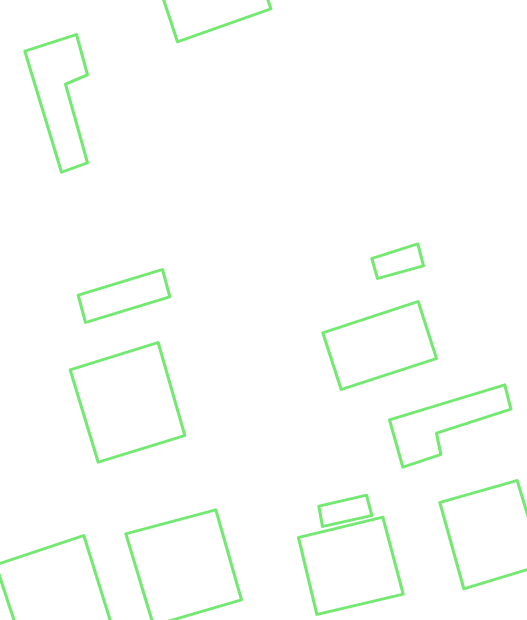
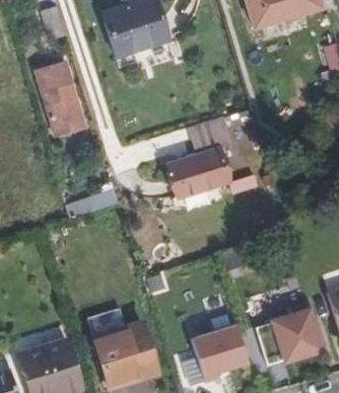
building: [323,302,437,390] -> [167,148,230,196]
building: [70,342,185,462] -> none
building: [390,385,511,467] -> none

